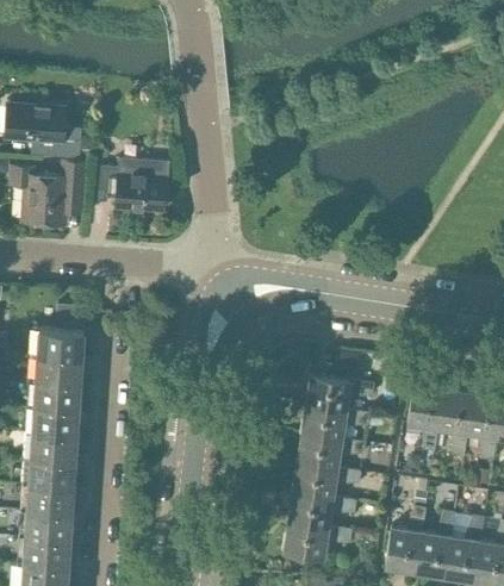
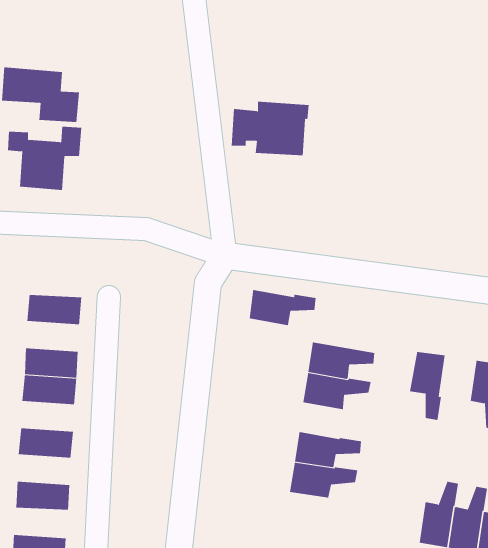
building: [92,160,169,213] -> [231,101,309,156]
building: [29,355,82,385] -> none
building: [436,388,472,457] -> none
building: [24,434,77,463] -> none
building: [298,435,365,470] -> [249,289,317,326]
building: [20,486,74,516] -> none
building: [385,507,427,573] -> none
building: [284,523,351,559] -> none
building: [17,538,71,568] -> none

